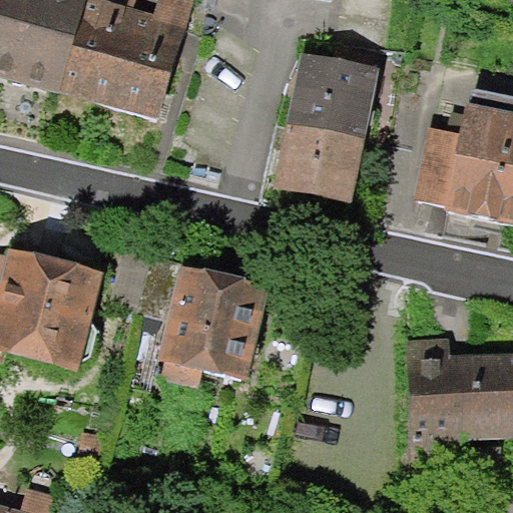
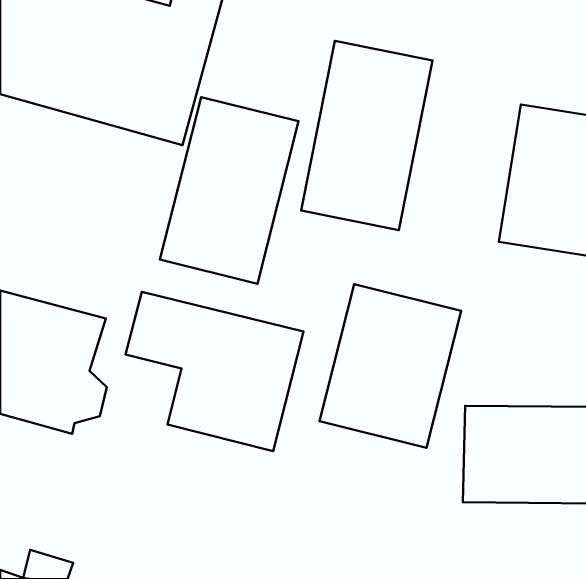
building: none -> [160,97,298,284]
building: none -> [320,284,461,448]

